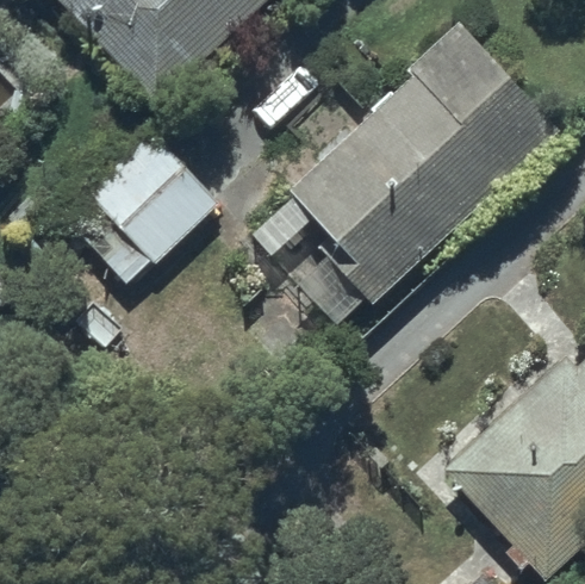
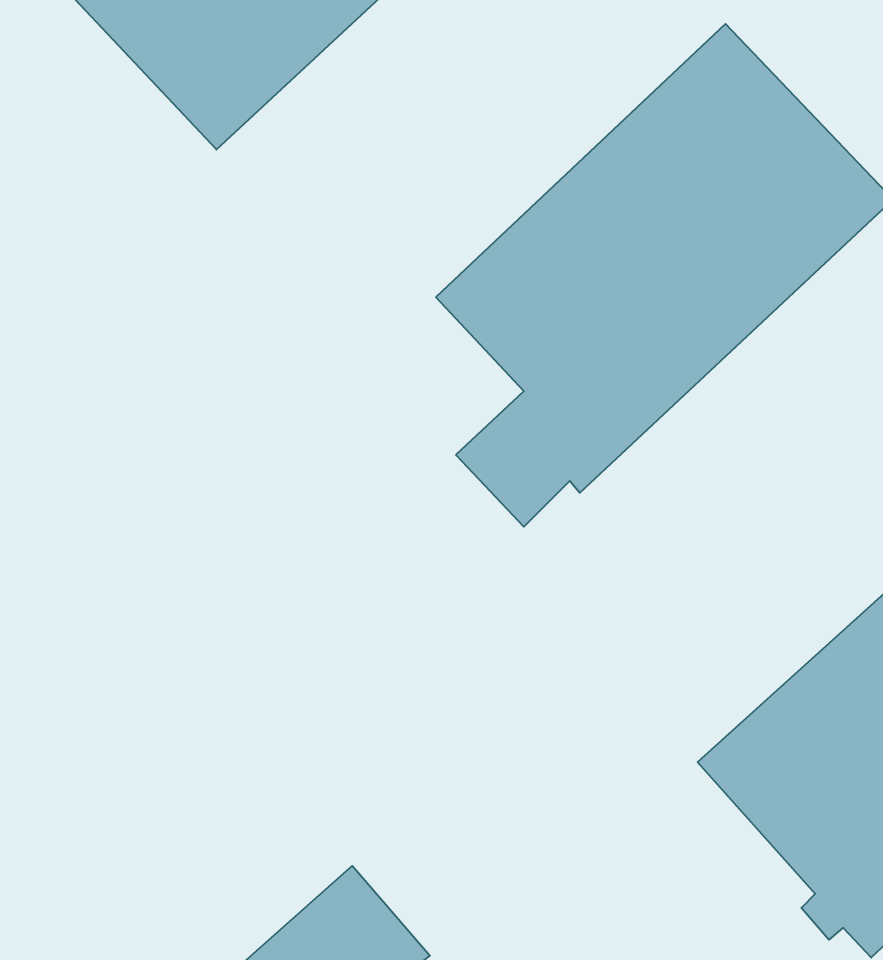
building: [79,155,217,285] -> none

